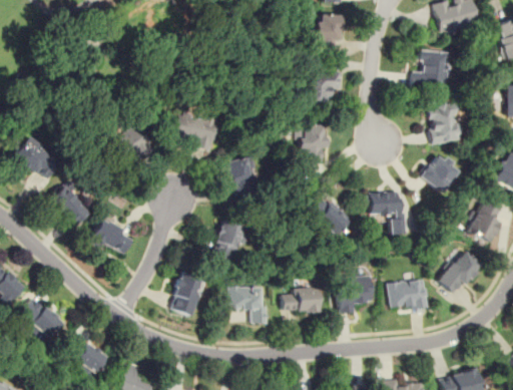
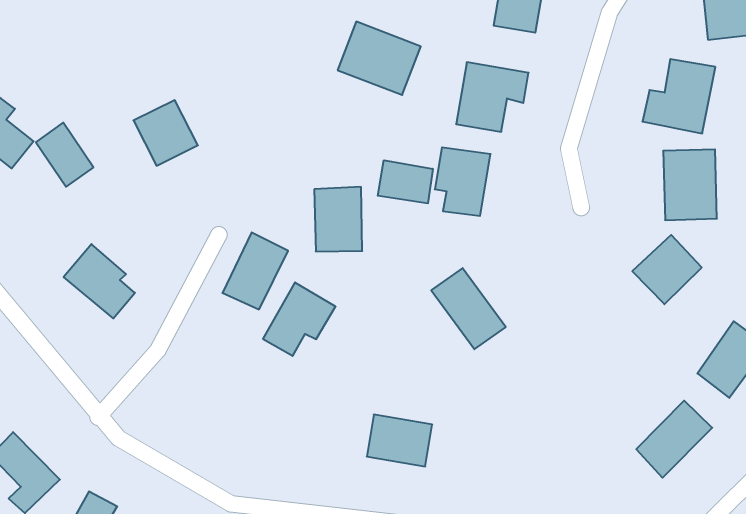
building: [171,110,217,148] -> [338,22,421,95]
building: none -> [378,160,433,203]
building: [51,183,87,221] -> [36,123,93,187]
building: [369,192,405,235] -> none
building: [169,271,203,315] -> [222,232,288,309]
building: [337,274,373,313] -> none
building: [389,278,428,310] -> none
building: [229,285,268,323] -> none

